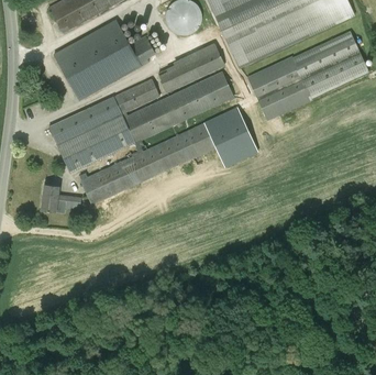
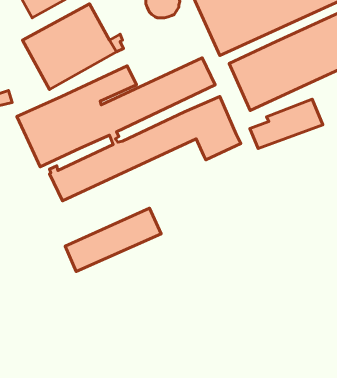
building: [157,43,225,89] -> [250,99,323,148]
building: [41,183,81,212] -> none
building: none -> [65,208,161,271]

